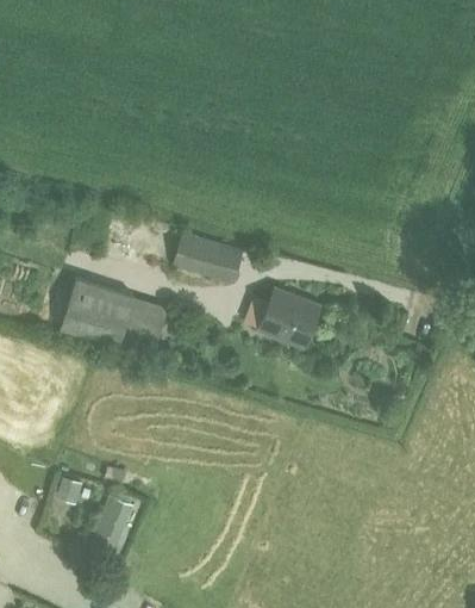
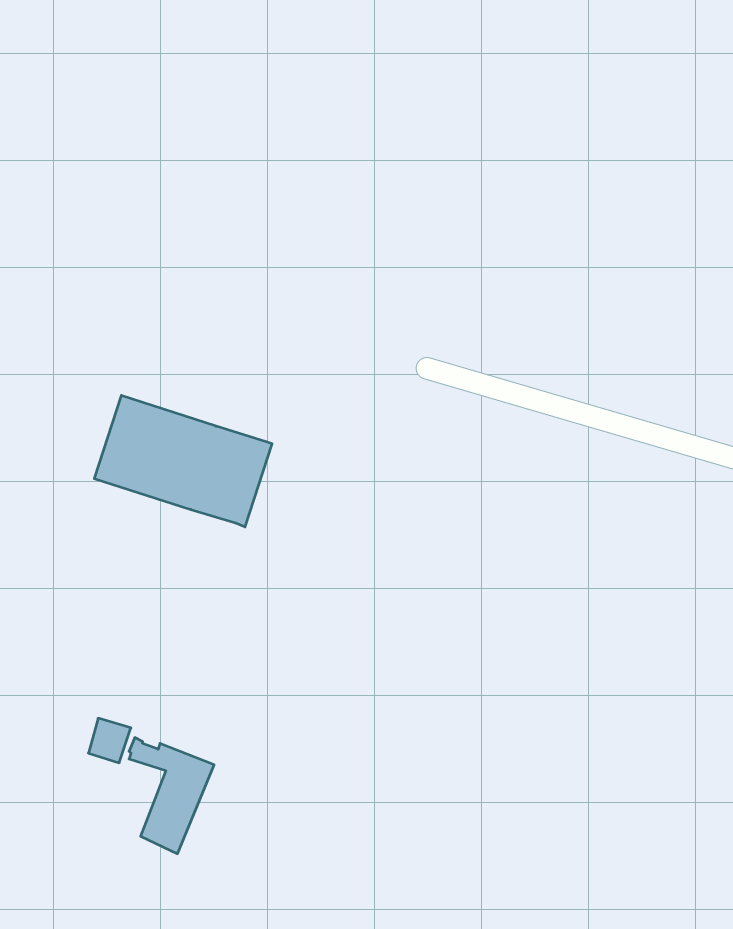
building: [174,232,243,281] -> none
building: [258,289,321,348] -> none

